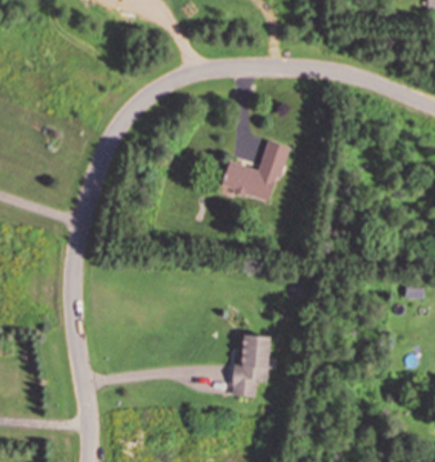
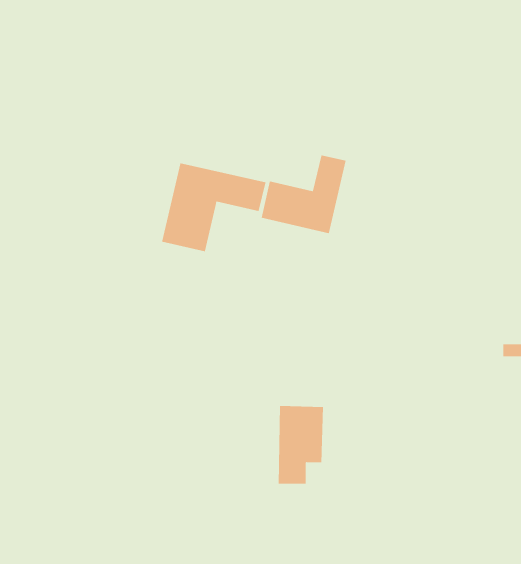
building: none -> [162,162,266,252]

